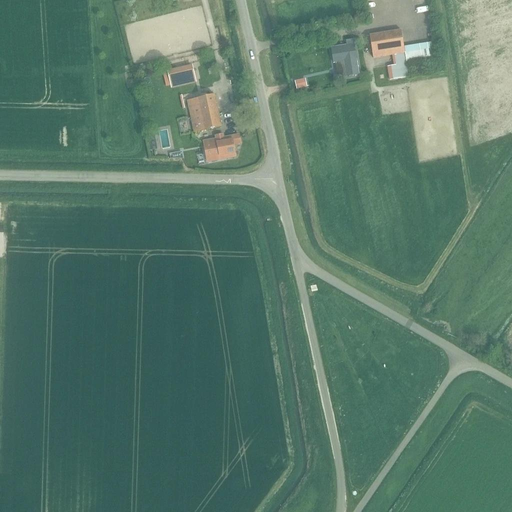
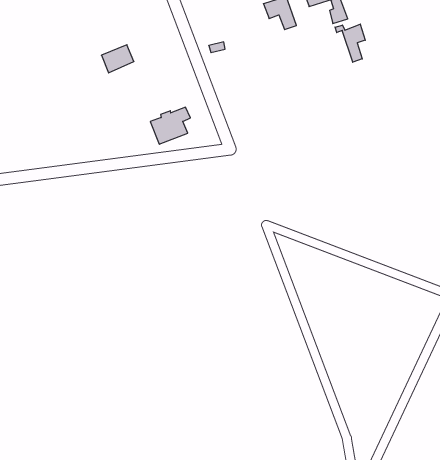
building: none -> [335,24,365,62]
building: [187,93,221,131] -> none

